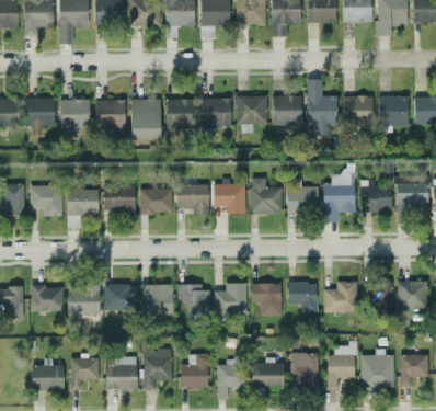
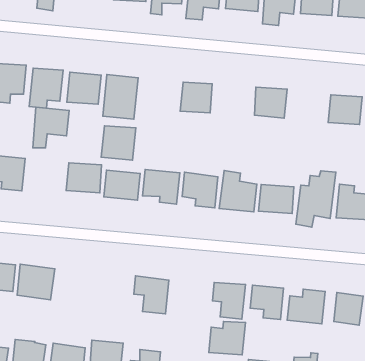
building: [307,79,336,135] -> none
building: [237,96,266,133] -> none
building: [165,99,195,129] -> [101,126,136,160]
building: [66,190,97,228] -> [33,107,69,148]
building: [214,283,245,315] -> [209,321,246,355]
building: [141,284,173,315] -> none
building: [103,285,135,311] -> none

